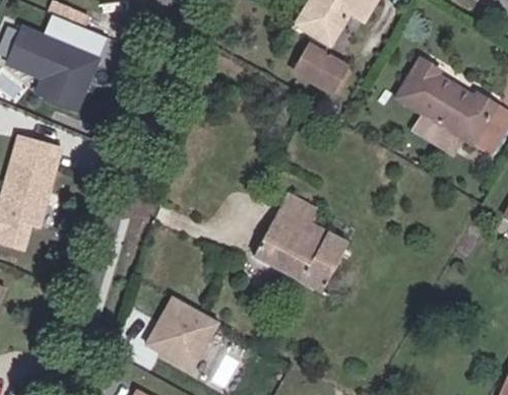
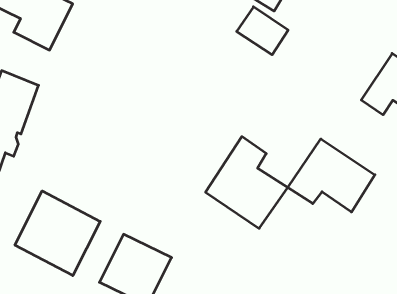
building: [386,60,445,138] -> none
building: none -> [288,139,375,212]
building: none -> [15,191,100,276]

